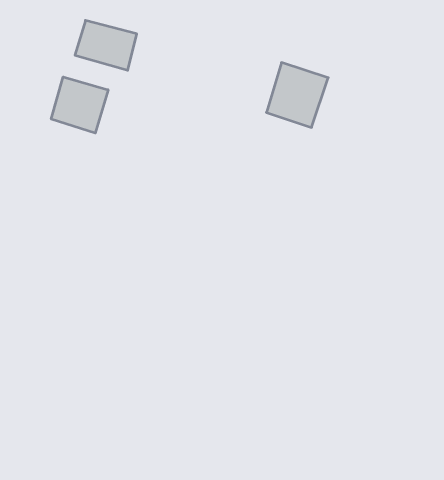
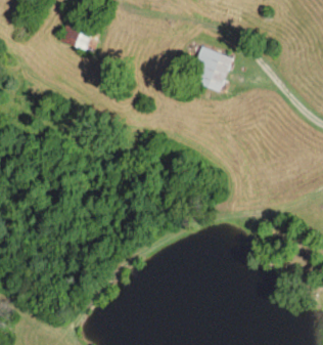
building: [51,77,108,133] -> none

